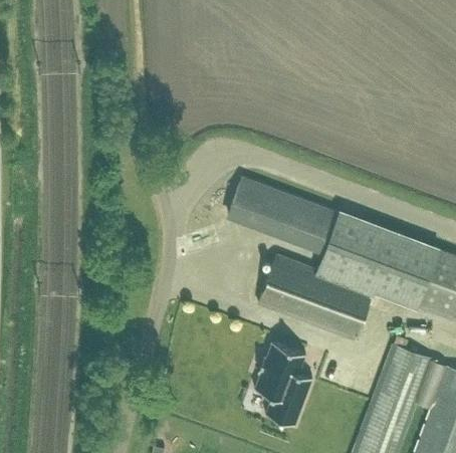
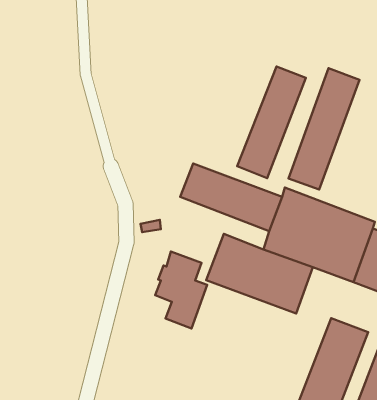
building: none -> [237,67,306,178]
building: none -> [289,68,360,189]
building: [255,345,311,428] -> [155,252,207,329]

